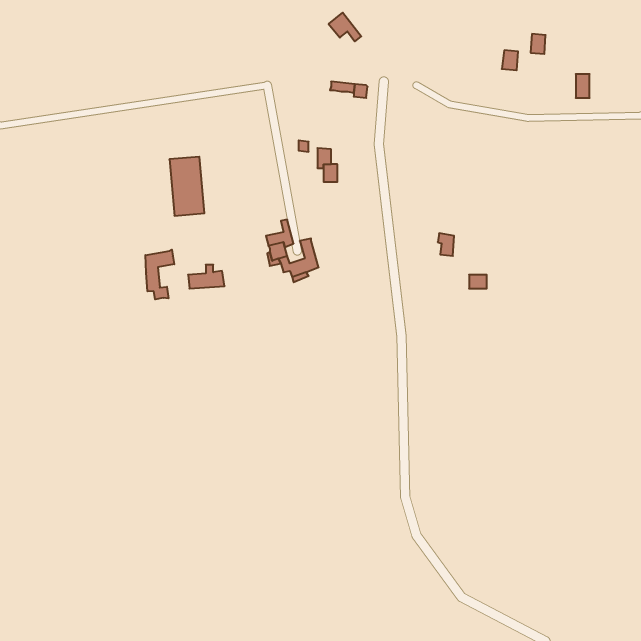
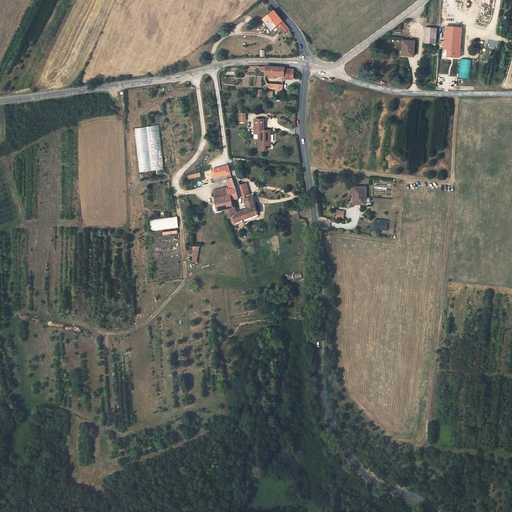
building: none -> [444,25,462,57]
building: [145,250,174,299] -> none

